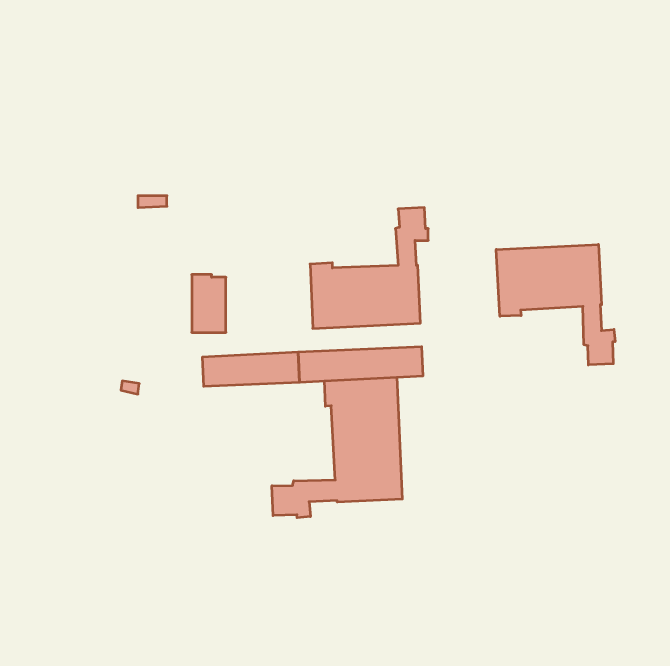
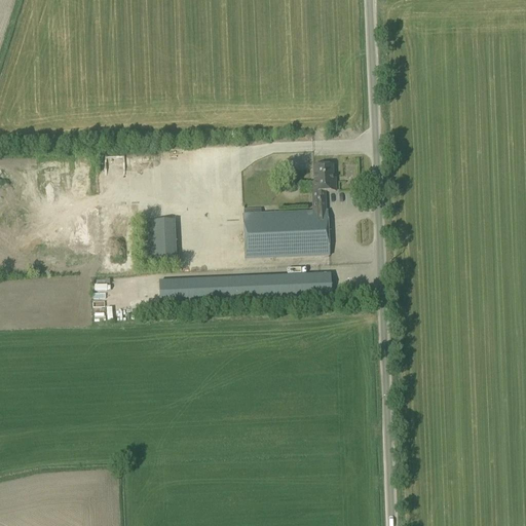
building: [496,244,615,365] -> none
building: [272,377,402,518] -> none

